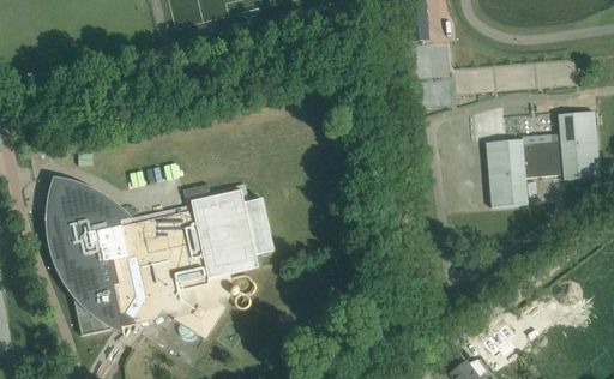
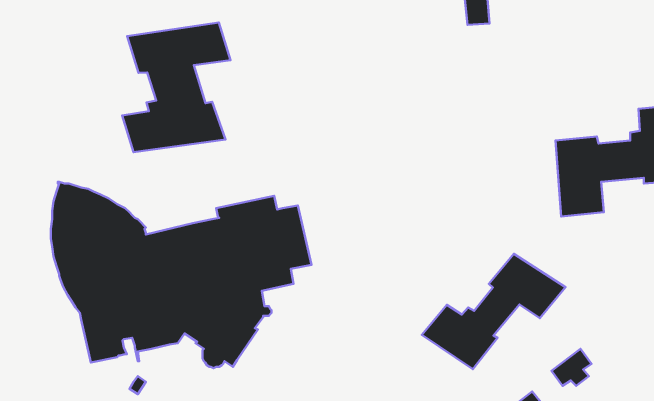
building: none -> [122,22,231,152]
building: none -> [422,254,566,369]

